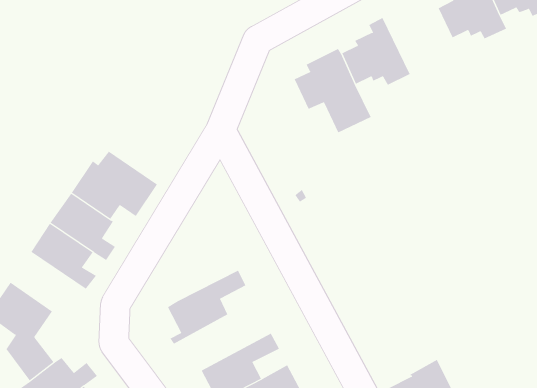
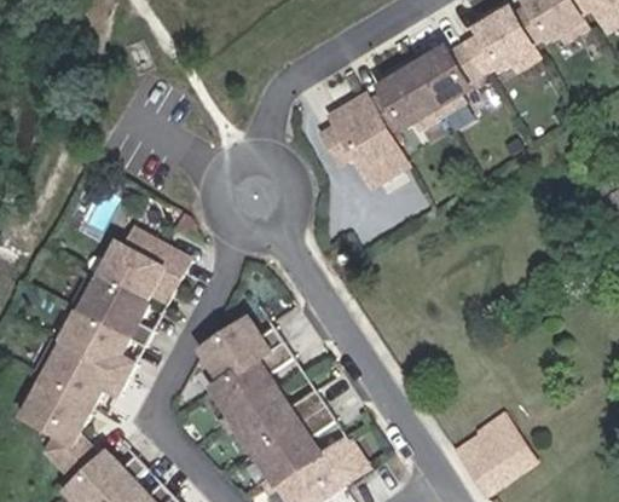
building: none -> [407,44,482,116]
building: none -> [201,319,283,381]
building: none -> [44,345,125,405]
building: none -> [222,390,324,451]

